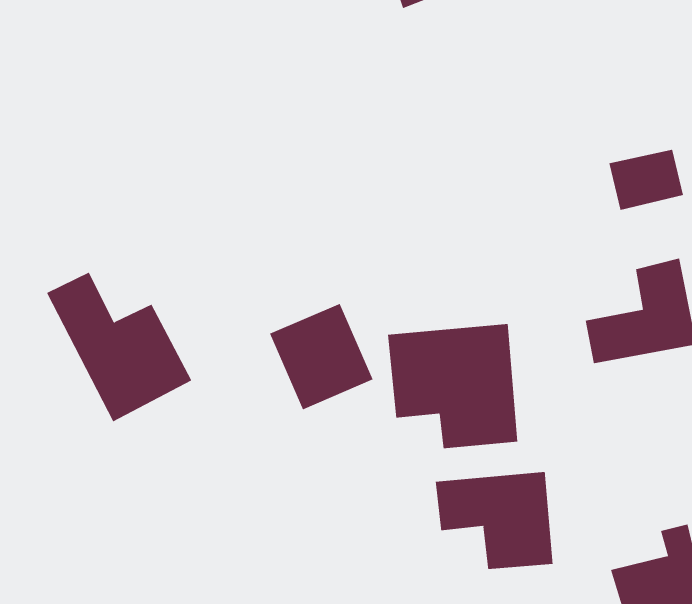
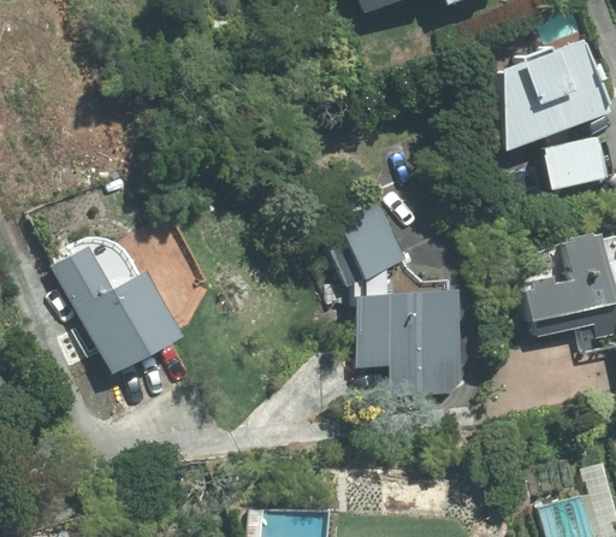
building: none -> [500,42,605,153]
building: [269,303,373,410] -> [319,194,409,287]
building: [435,471,553,570] -> none

